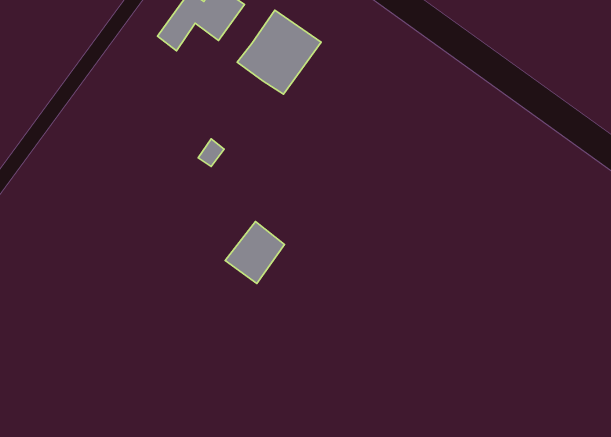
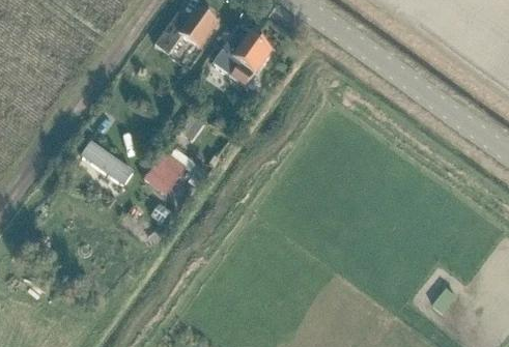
building: none -> [82,140,135,185]
building: [225,221,284,284] -> [144,150,187,195]

